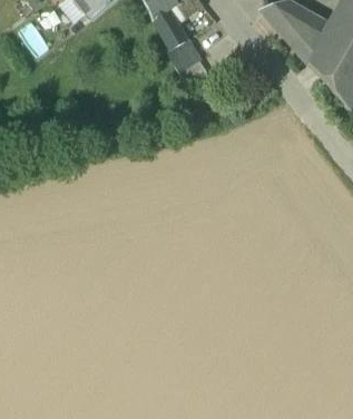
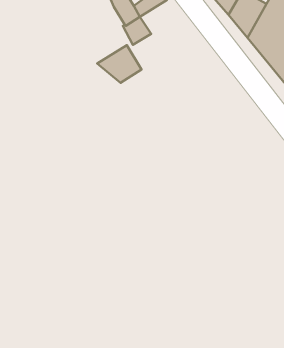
building: none -> [97,45,141,83]

